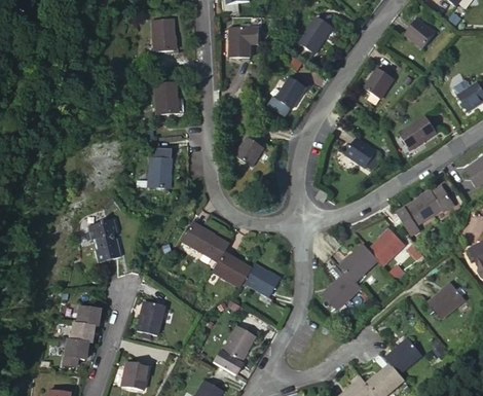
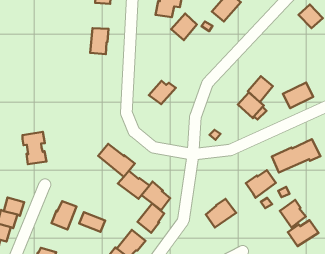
building: [365,67,395,99] -> [248,76,273,102]
building: [275,76,306,109] -> [171,14,197,40]
building: [148,157,171,188] -> none
building: [343,245,379,282] -> none
building: none -> [280,200,306,228]
building: none -> [137,203,164,233]
building: none -> [79,212,105,232]

